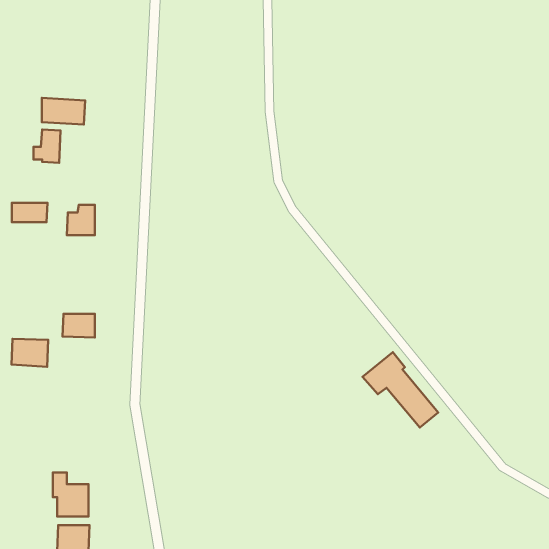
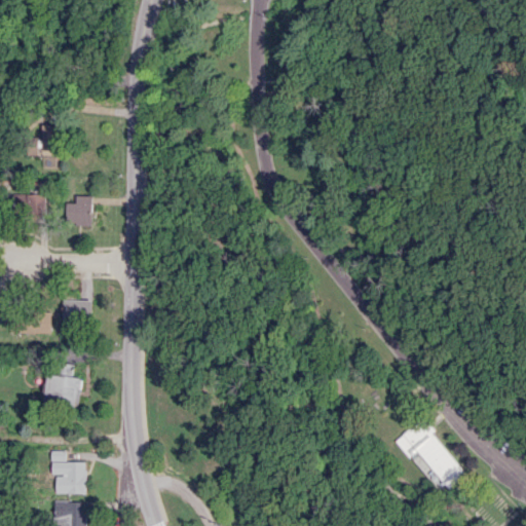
building: [42,98,85,125] -> none
building: [12,339,48,367] -> [44,377,79,404]
building: [363,352,438,428] -> [396,418,467,490]

